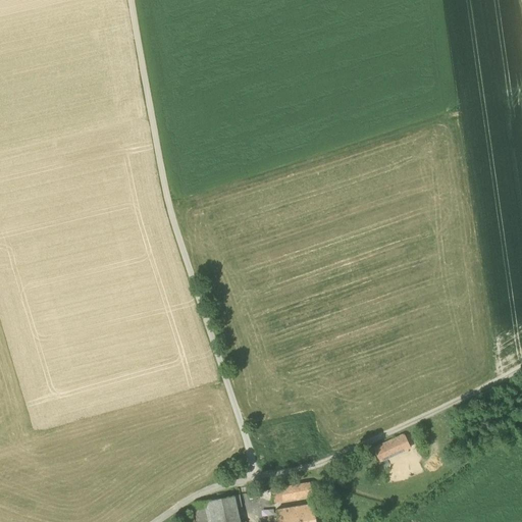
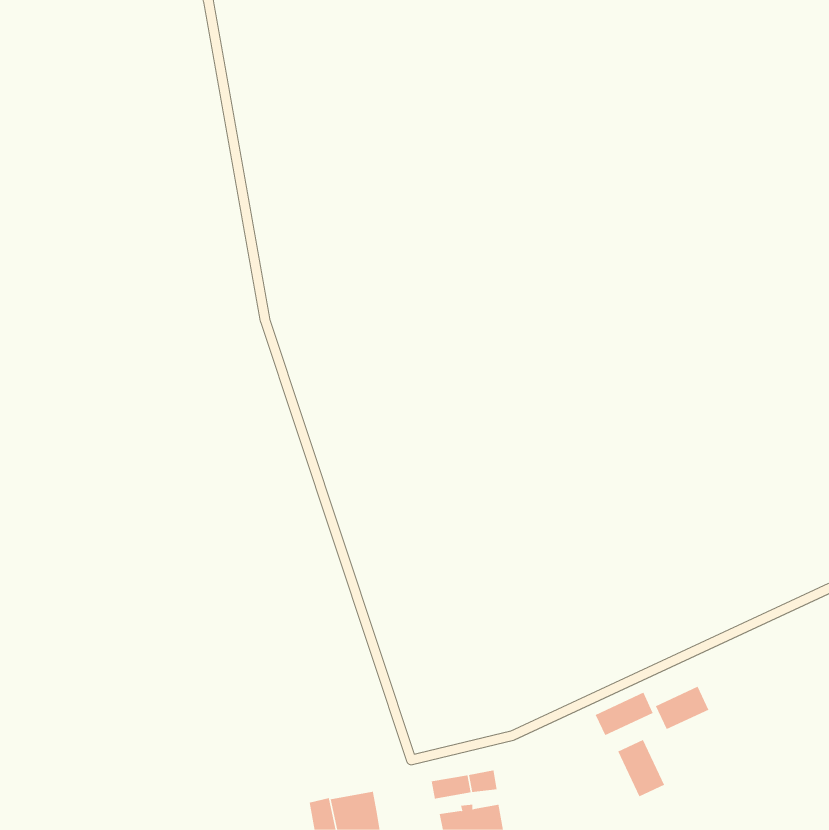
building: none -> [655,686,709,730]
building: none -> [618,739,665,797]

